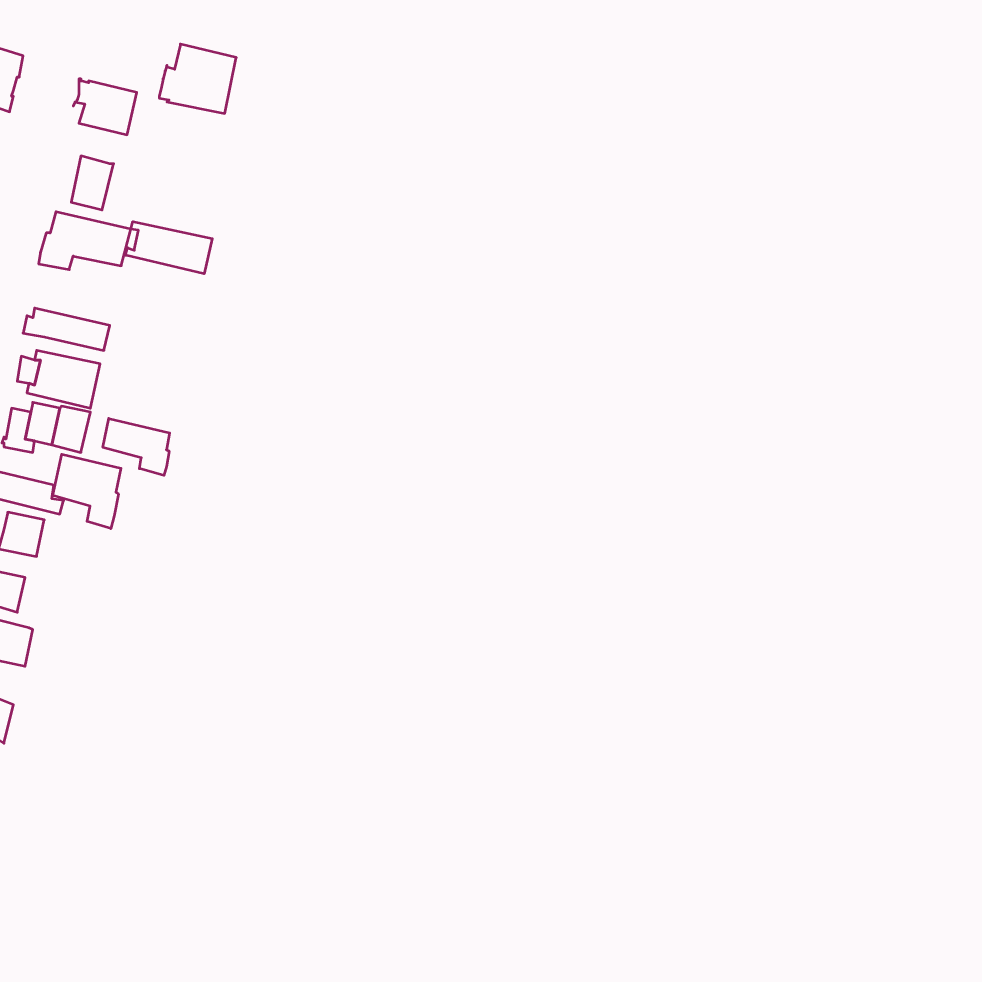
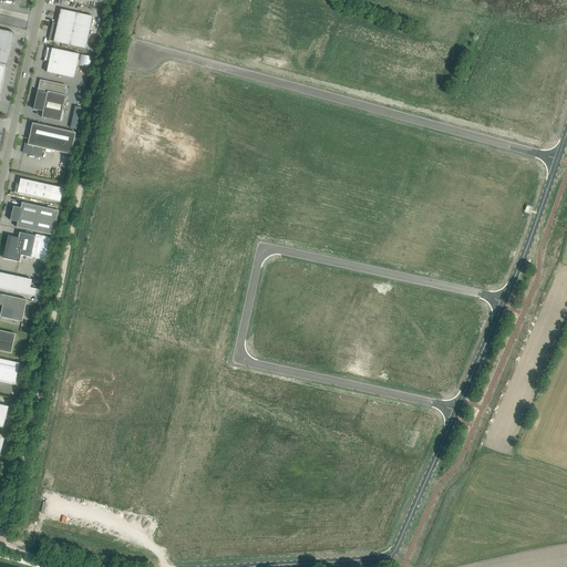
building: [159,44,236,113] -> [48,8,92,48]
building: none -> [32,79,65,111]
building: [126,222,212,274] -> none
building: [103,418,170,475] -> none
building: [53,454,121,529] -> none

